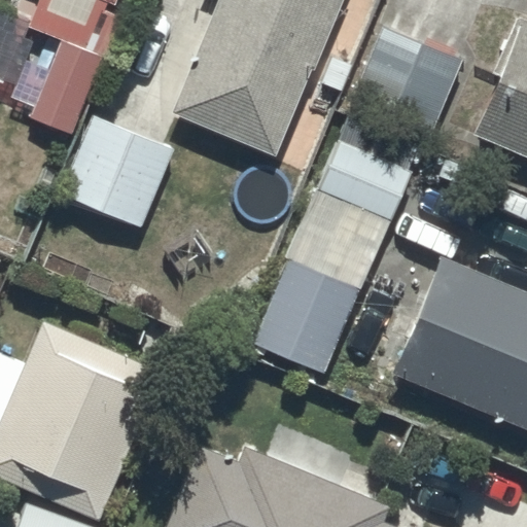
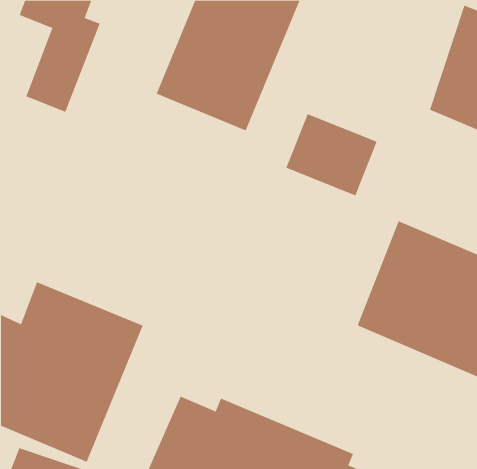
building: [350,30,460,140] -> none
building: [58,112,176,226] -> none
building: [246,255,362,373] -> none

